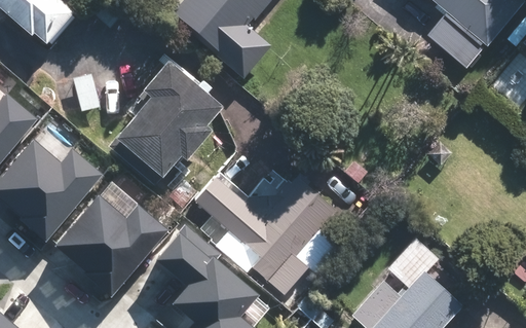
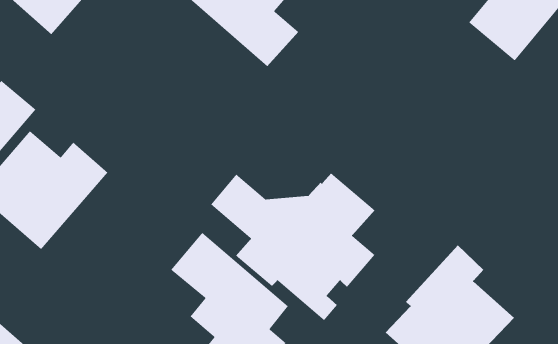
building: [109,56,227,185] -> none
building: [52,190,172,298] -> none

